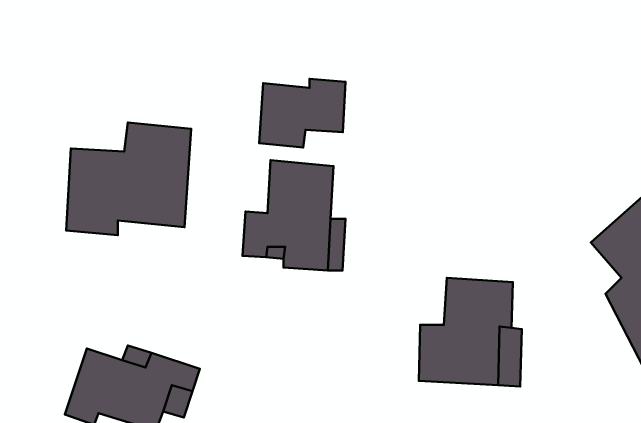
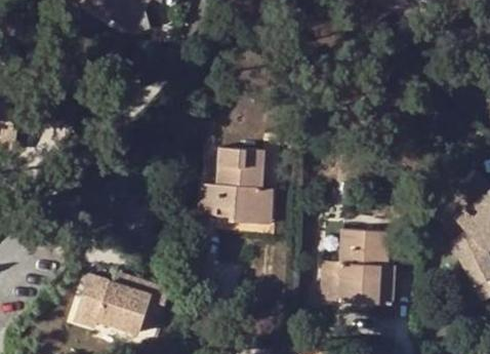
building: [259,79,345,147] -> none
building: [66,123,191,235] -> none

